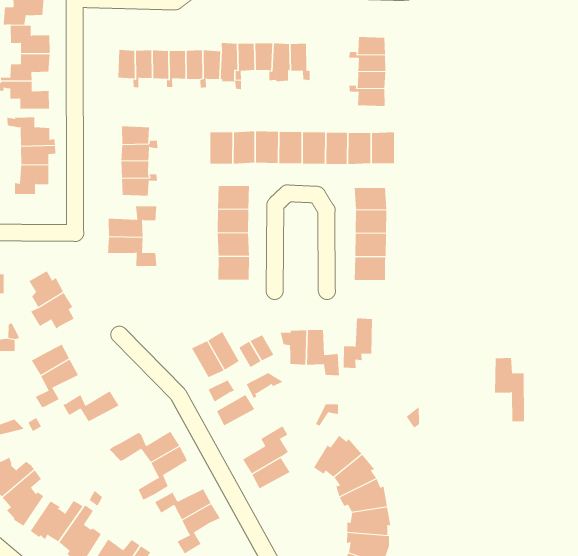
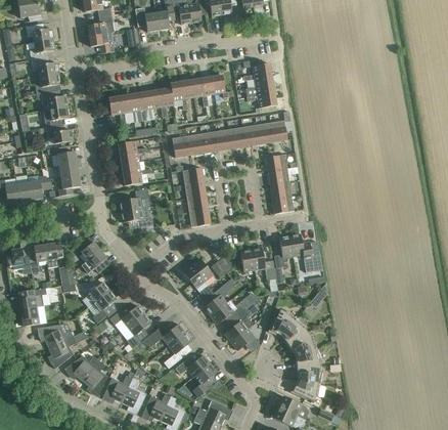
building: [494,357,525,422] -> [289,233,314,272]
building: none -> [127,313,150,348]
building: none -> [210,302,245,325]

